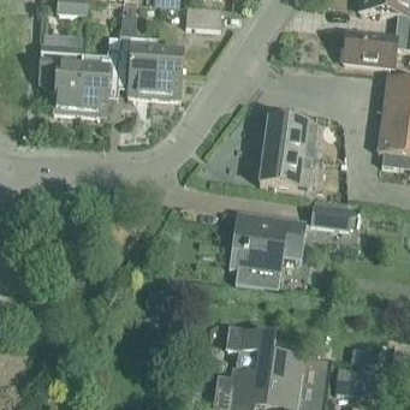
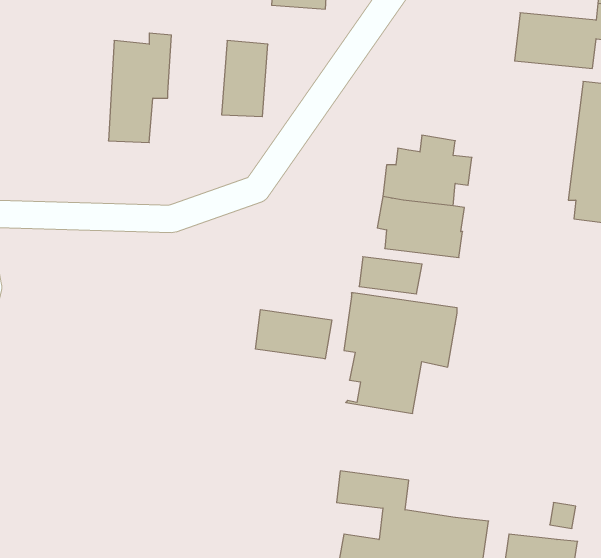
building: [118,31,158,96] -> none
building: [38,43,83,113] -> none
building: [310,203,351,227] -> [359,257,422,294]
building: none -> [256,310,332,359]

